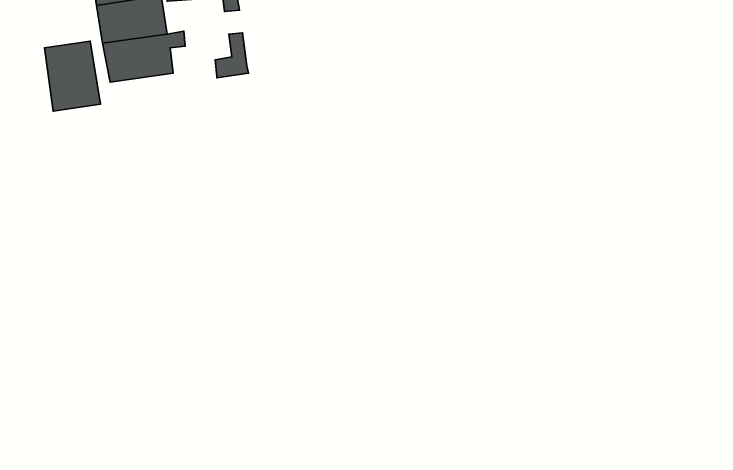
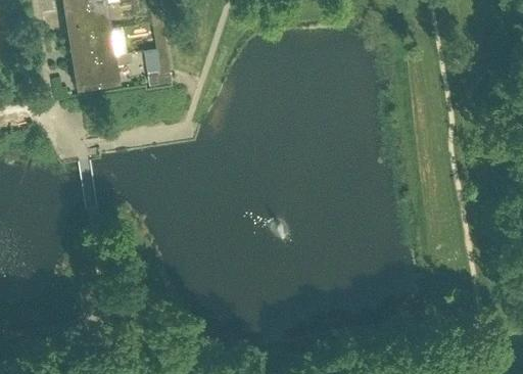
building: [45,41,101,111] -> none

